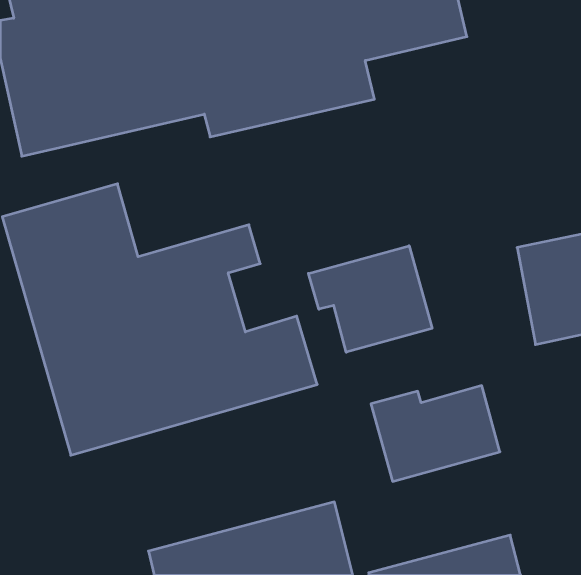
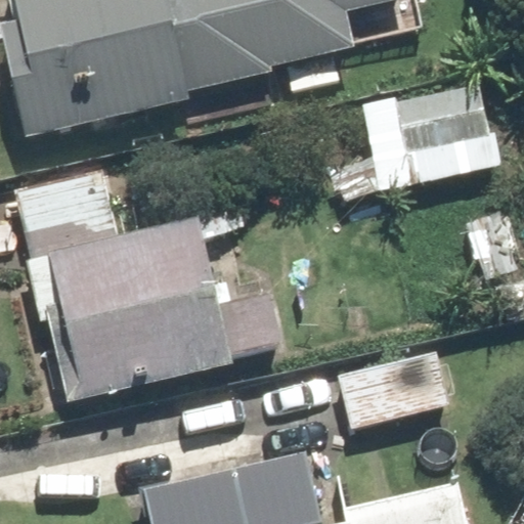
building: none -> [352,76,505,195]
building: [308,246,432,352] -> none

